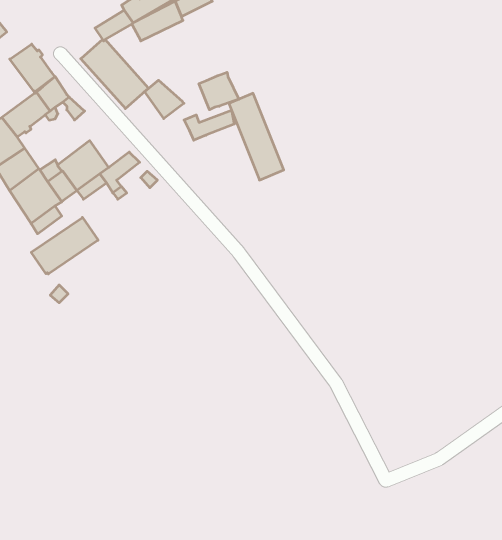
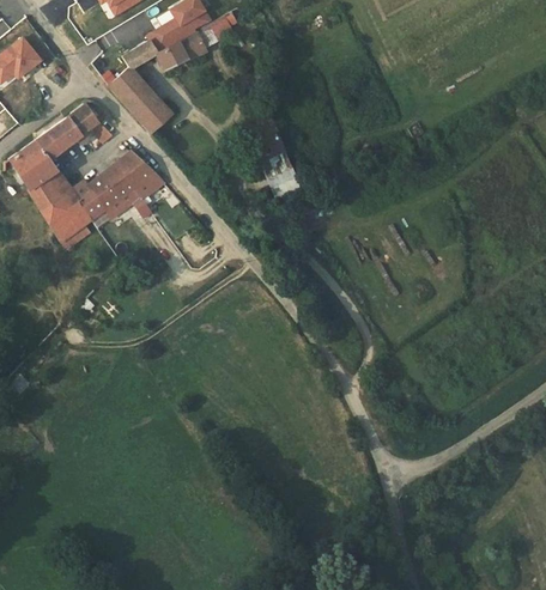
building: [10,44,55,92] -> none
building: [199,72,239,110] -> none
building: [144,80,184,119] -> [117,152,154,188]
building: [184,110,234,140] -> none
building: [31,217,98,274] -> none

